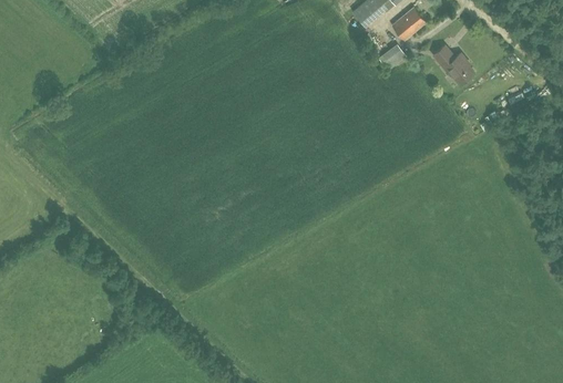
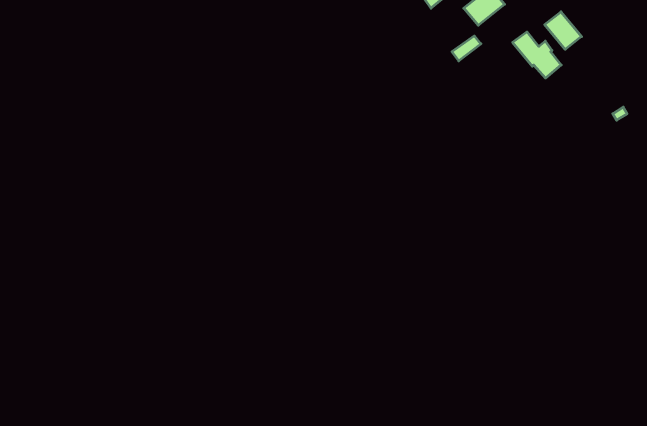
building: none -> [545,12,582,49]

